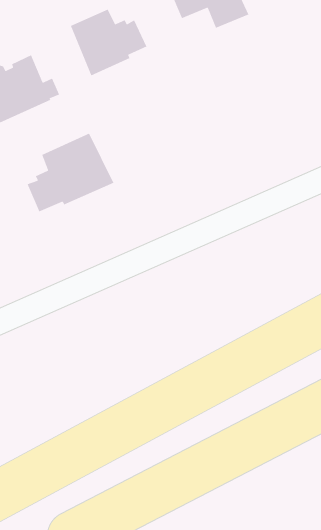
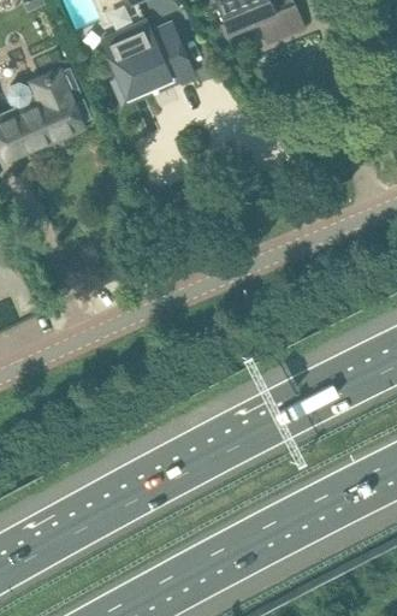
building: [26,132,114,213] -> none

